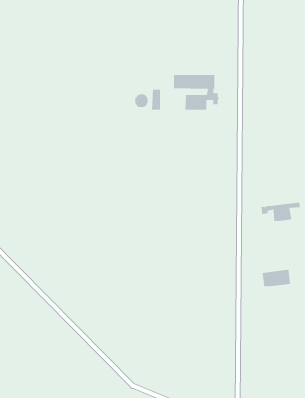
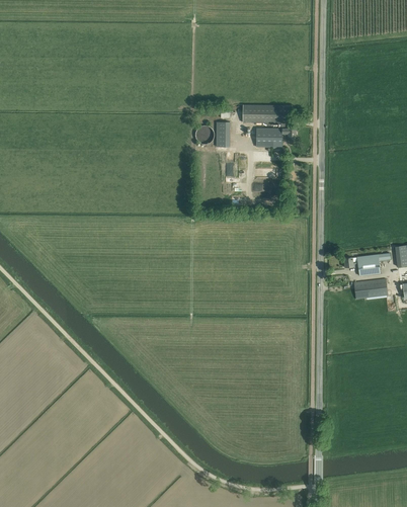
building: [262,269,291,287] -> [353,278,387,299]

